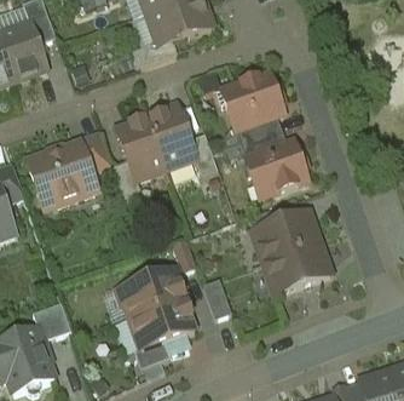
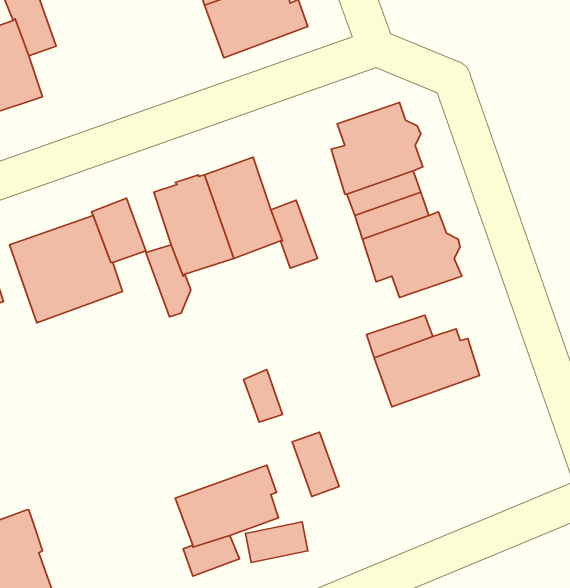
building: [264,241,329,292] -> none
building: [119,265,186,317] -> none
building: [33,300,70,339] -> none

